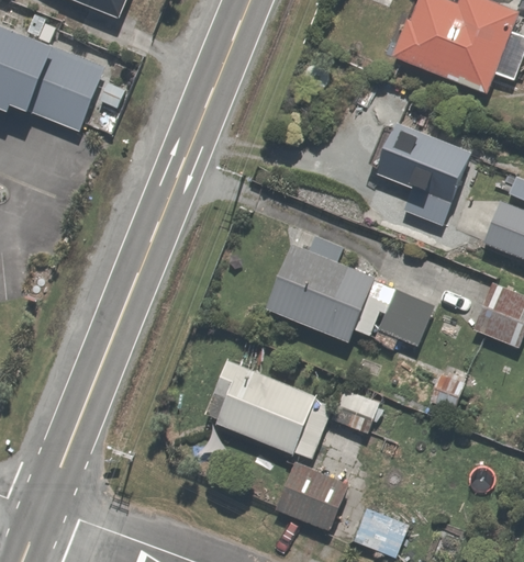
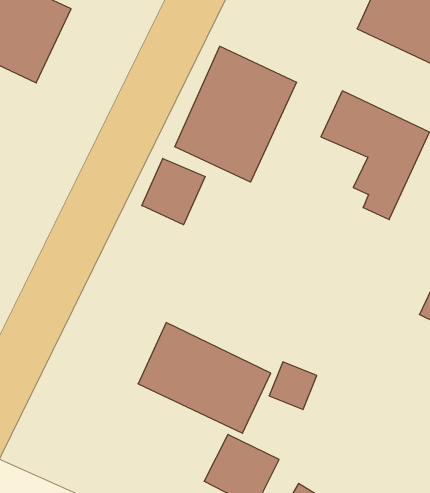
building: none -> [175,46,296,182]
building: none -> [142,158,205,225]
building: [265,235,436,345] -> none

